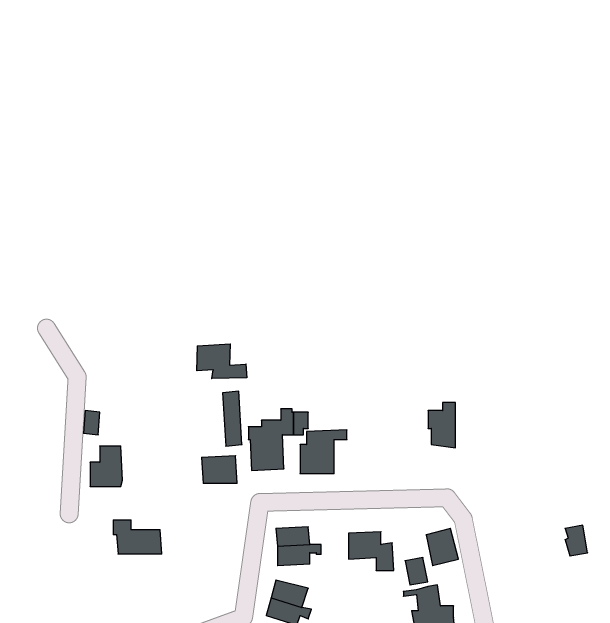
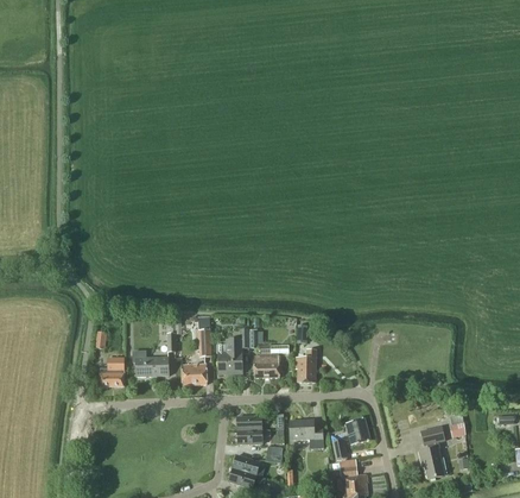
building: [197,344,247,379] -> none
building: [428,403,455,448] -> [296,349,316,383]
building: [113,520,162,554] -> [133,351,169,376]
building: none -> [419,427,444,478]

